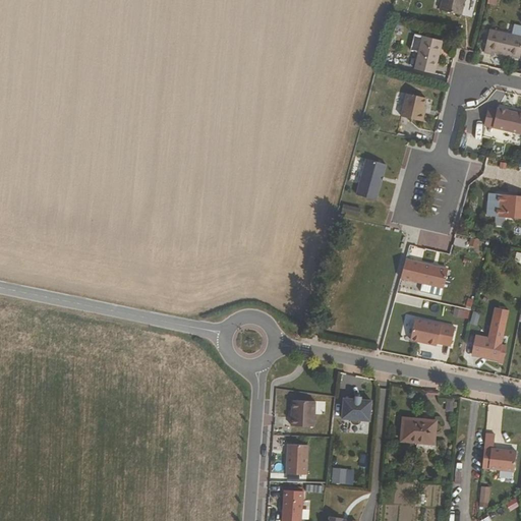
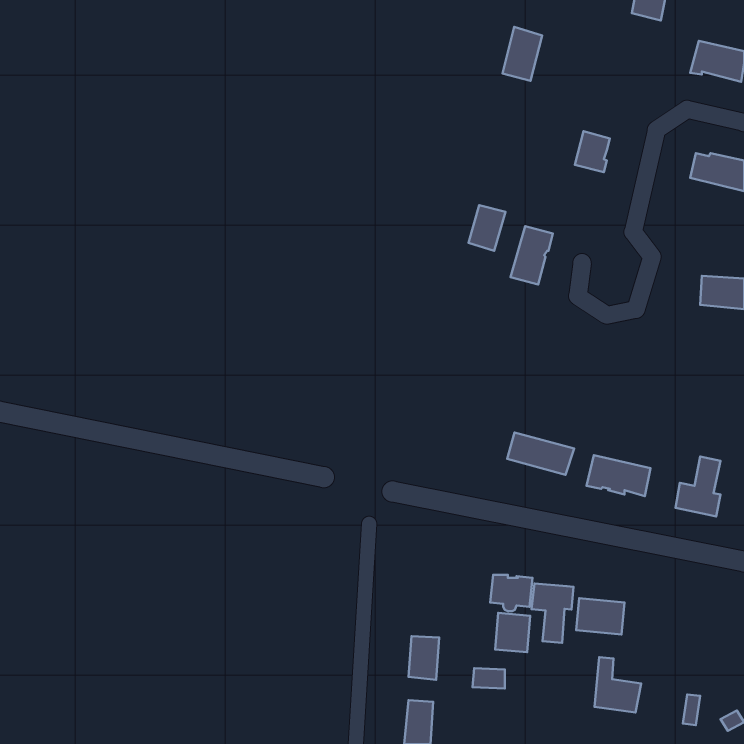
building: [413,35,441,72] -> [503,27,542,81]
building: none -> [469,205,505,251]
building: [400,258,447,288] -> [507,432,574,475]
building: [291,400,315,427] -> [495,613,530,652]
building: none -> [531,583,574,643]
building: [481,437,514,475] -> [595,657,641,713]

